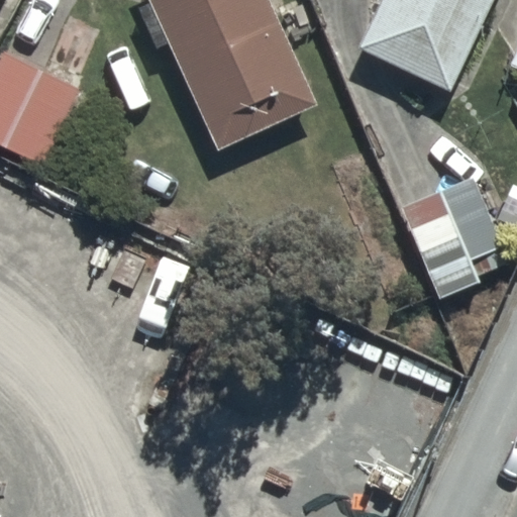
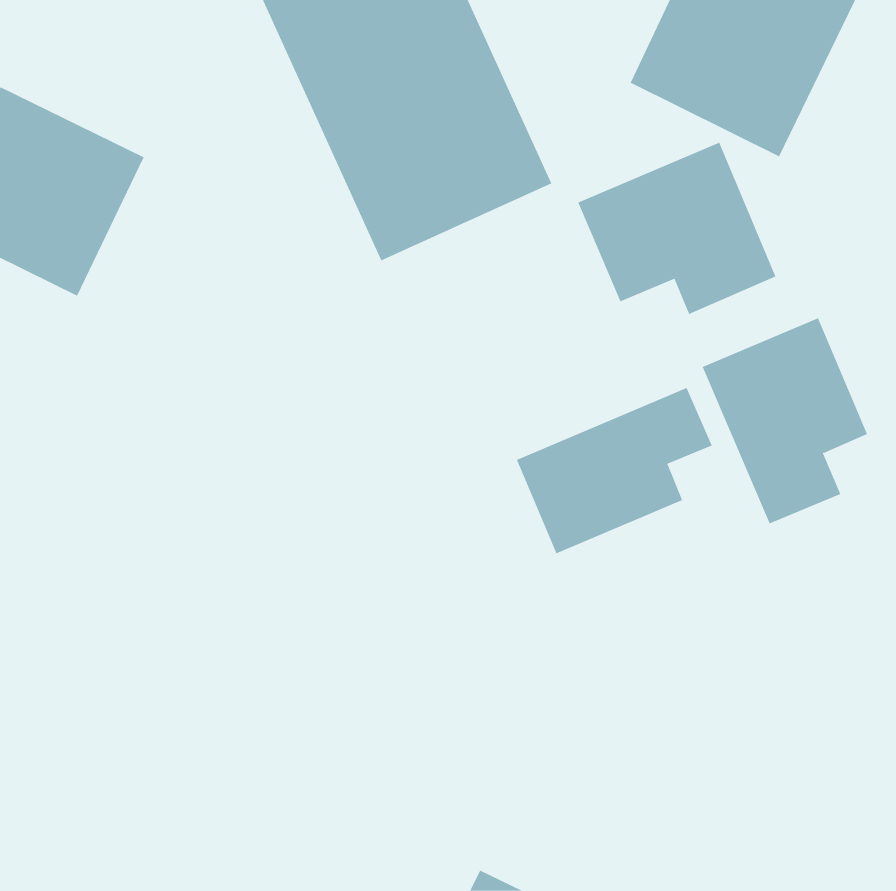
building: none -> [578,142,776,315]
building: none -> [516,387,712,554]

